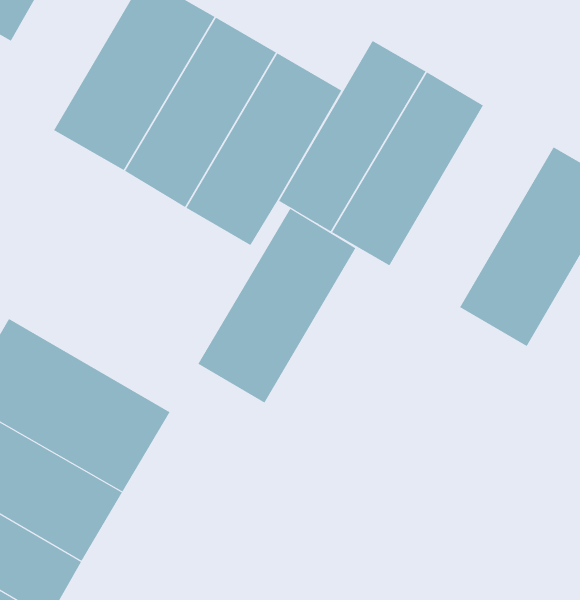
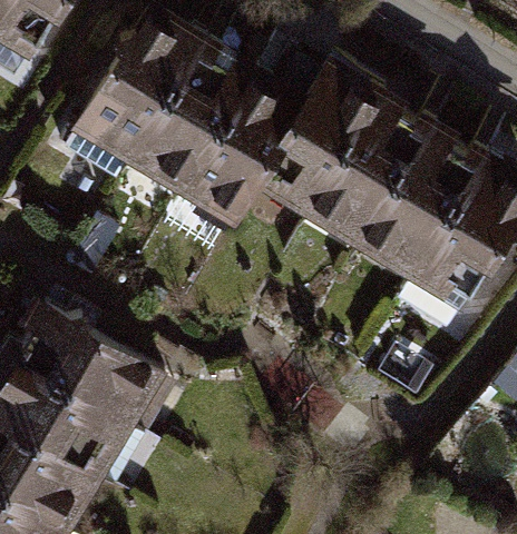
building: none -> [348,115,481,279]
building: [197,208,356,403] -> none

